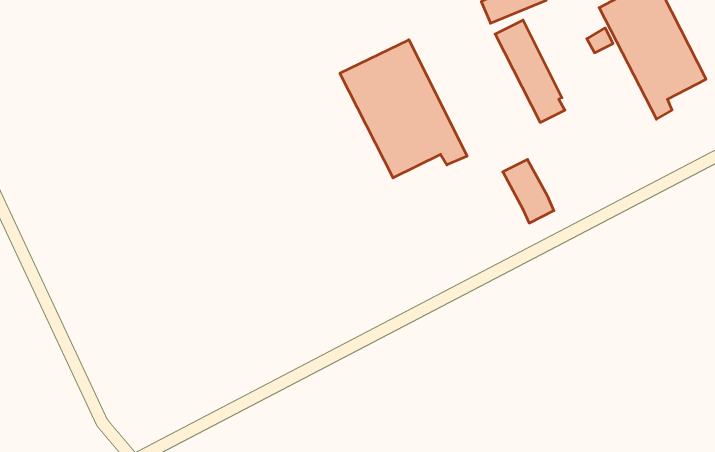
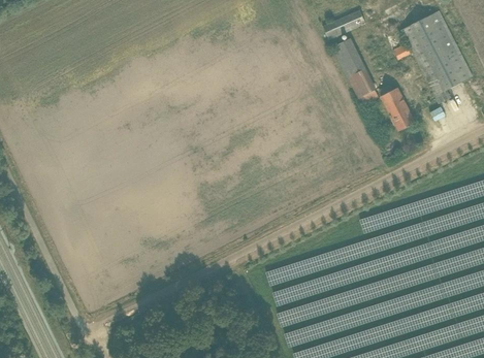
building: [340,40,467,178] -> none
building: [503,159,554,223] -> [380,88,414,130]

